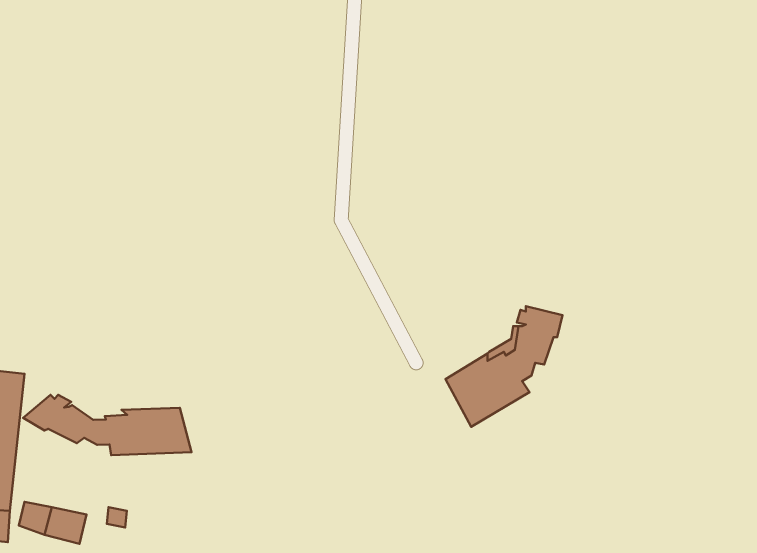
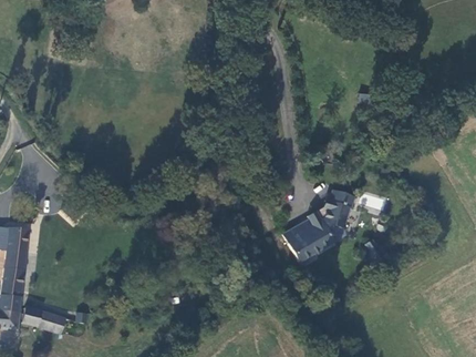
building: [23,395,191,455] -> none

